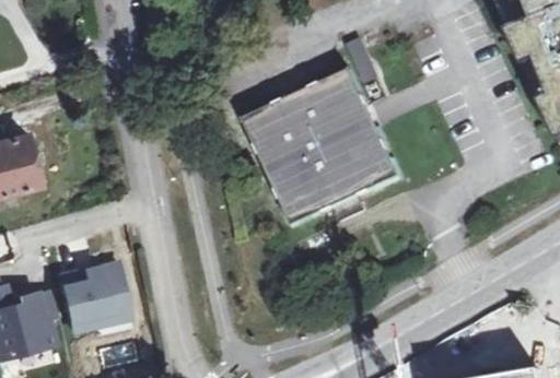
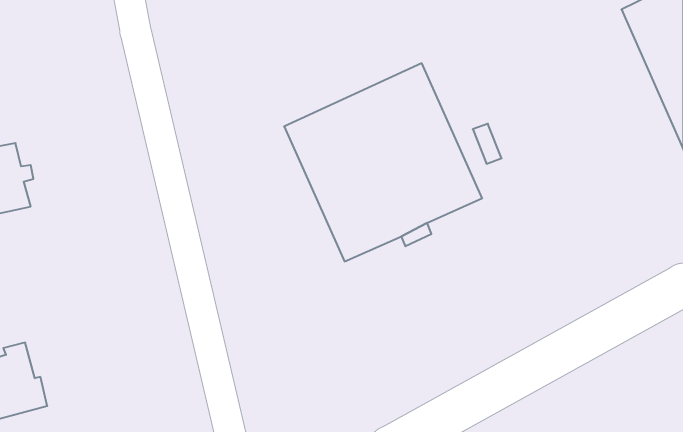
building: [61,256,136,332] -> none

